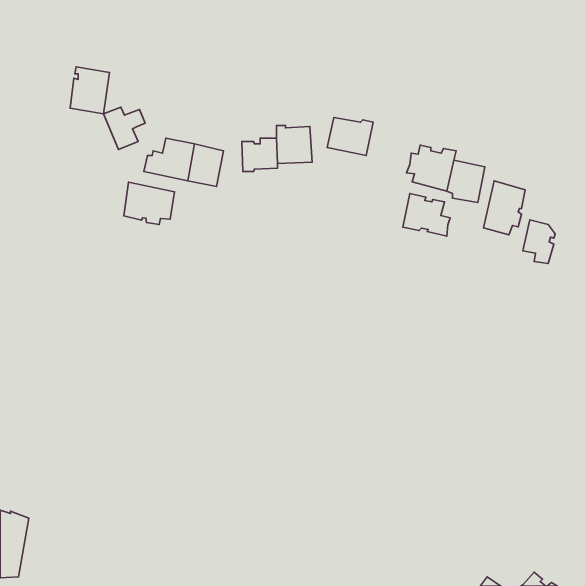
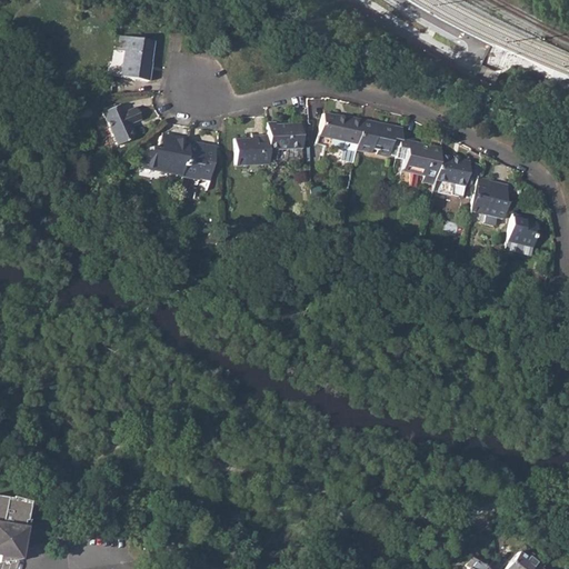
building: [70,67,109,114] -> [117,34,154,80]
building: [124,182,175,225] -> none
building: [403,194,450,236] -> [357,118,402,159]

